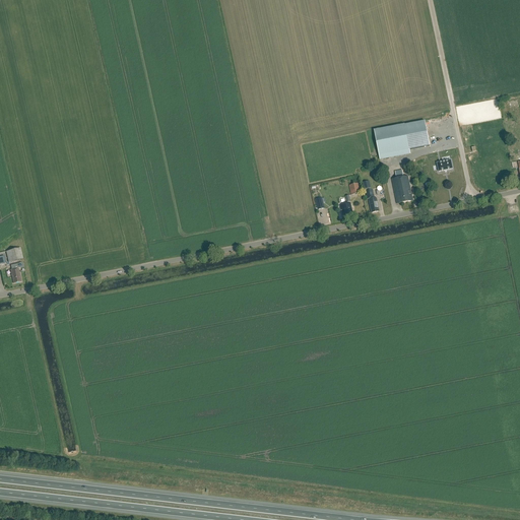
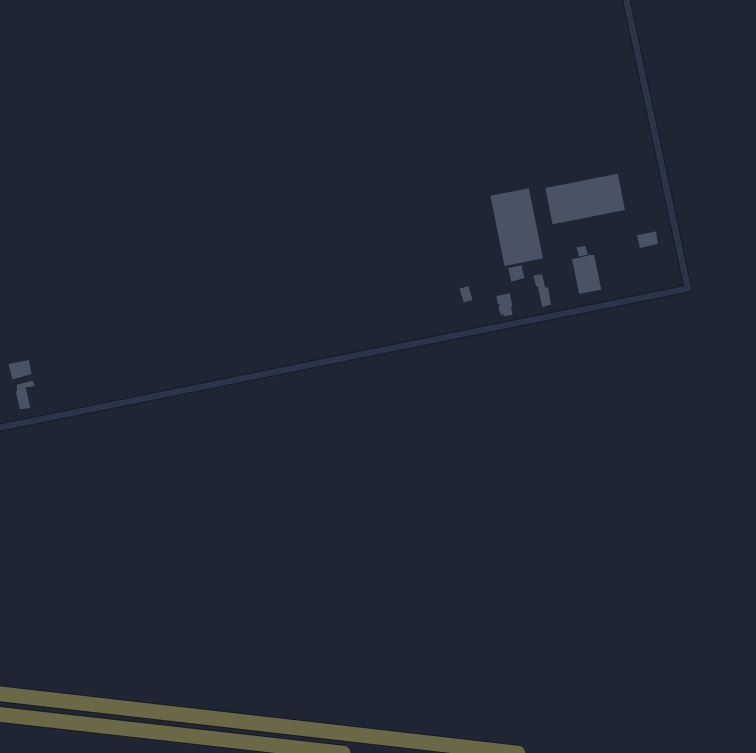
building: none -> [490,187,543,267]

